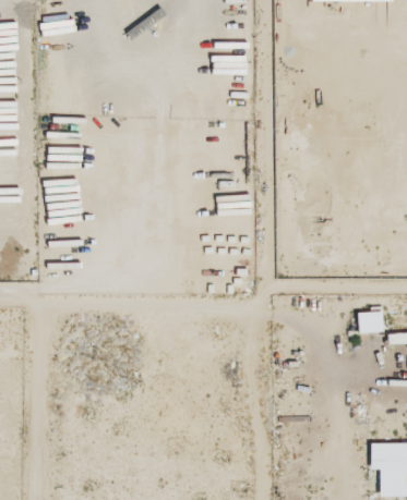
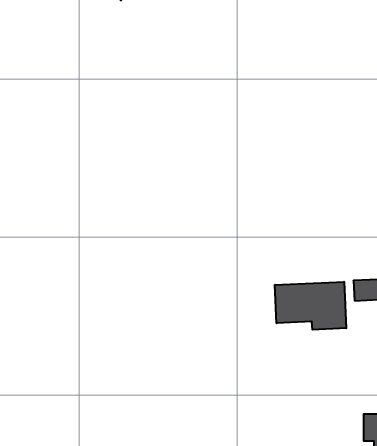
building: none -> [275,282,346,330]

